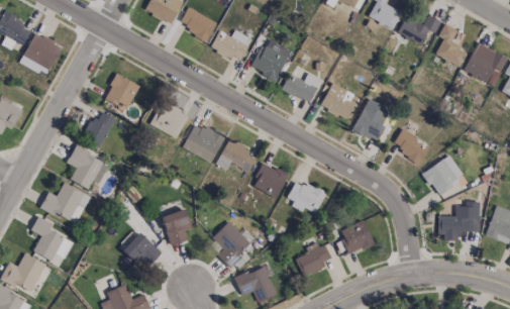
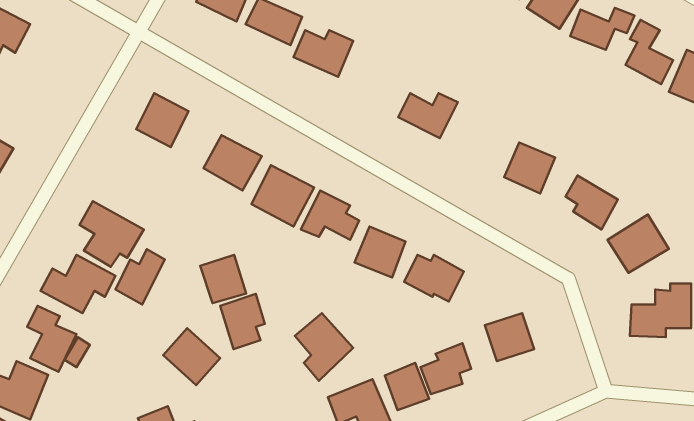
building: [24,32,62,70] -> none
building: [250,39,292,81] -> none
building: [320,82,360,119] -> none
building: [82,111,115,148] -> [115,249,165,304]
building: none -> [200,255,246,303]
building: none -> [385,363,429,410]

